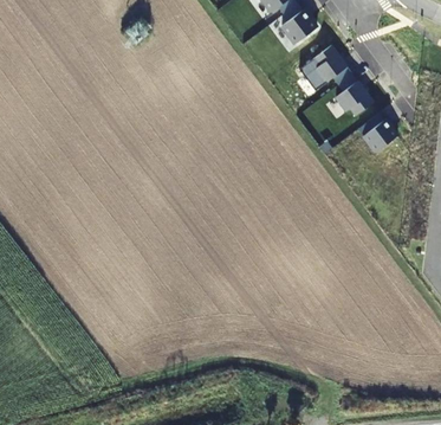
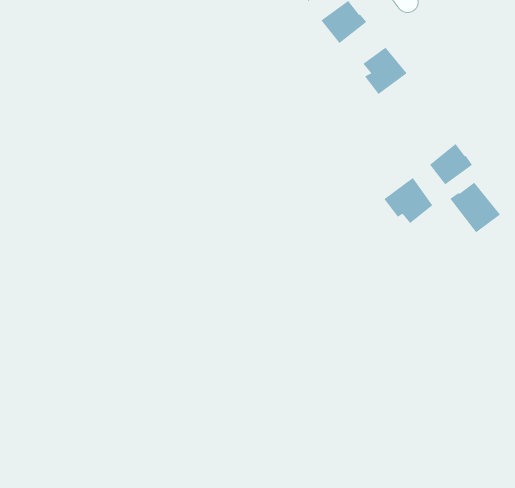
building: [336,81,374,116] -> [384,177,433,224]
building: none -> [449,182,501,233]

